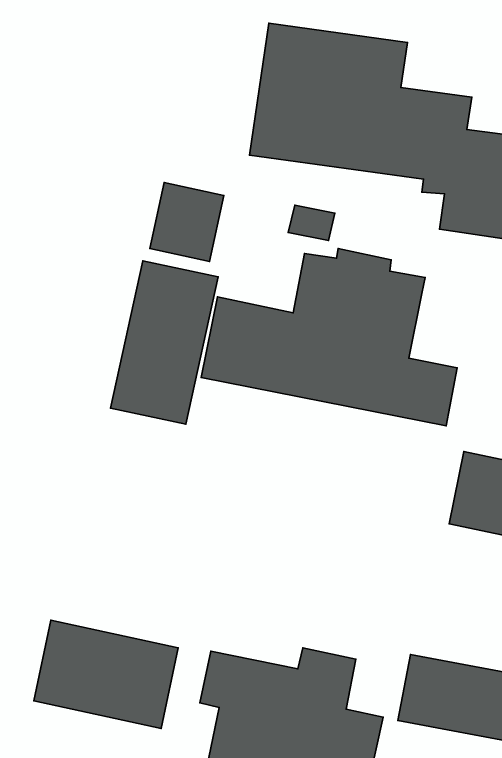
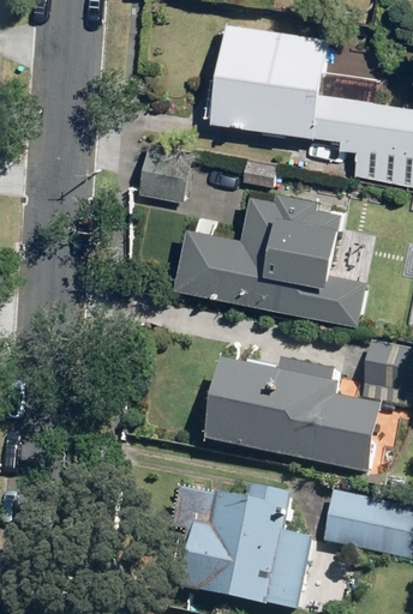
building: [110,261,218,424] -> none
building: none -> [206,361,379,476]
building: [34,620,178,729] -> none

